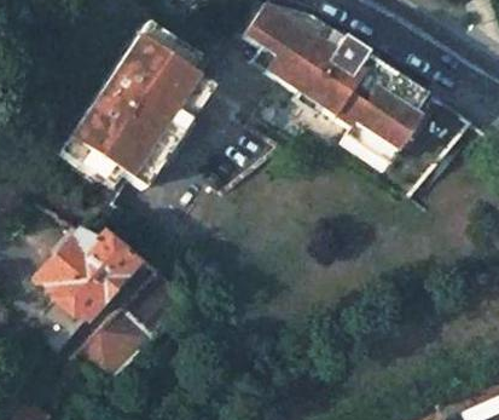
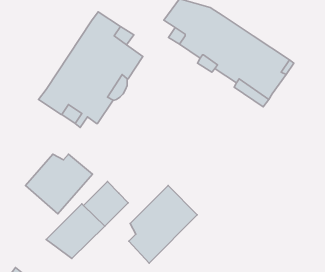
building: none -> [129,186,197,263]

